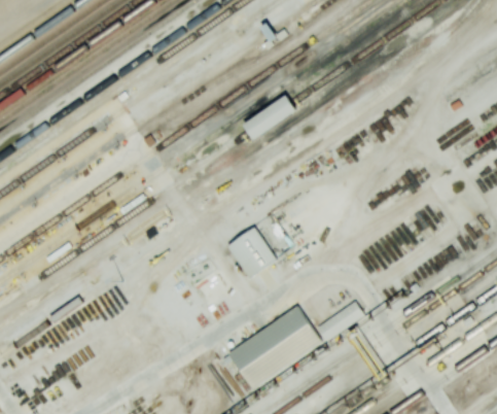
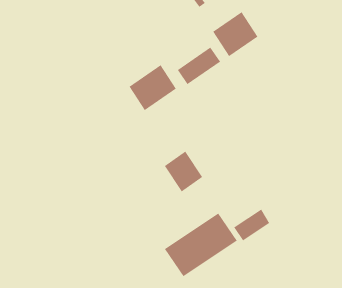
building: none -> [212,11,259,57]
building: none -> [128,64,177,111]

